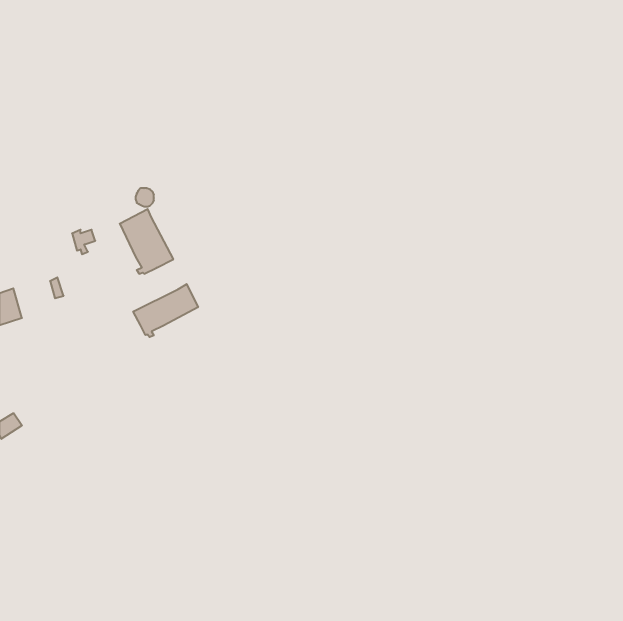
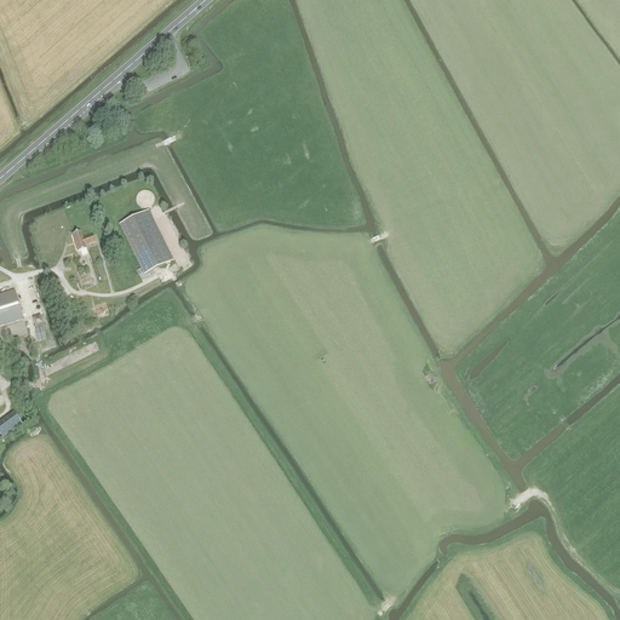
building: [133,284,198,337] -> none

